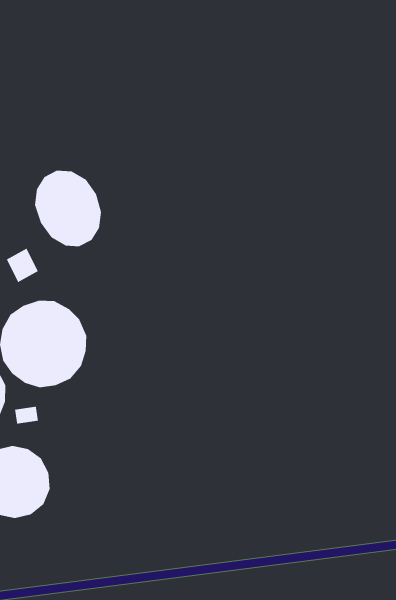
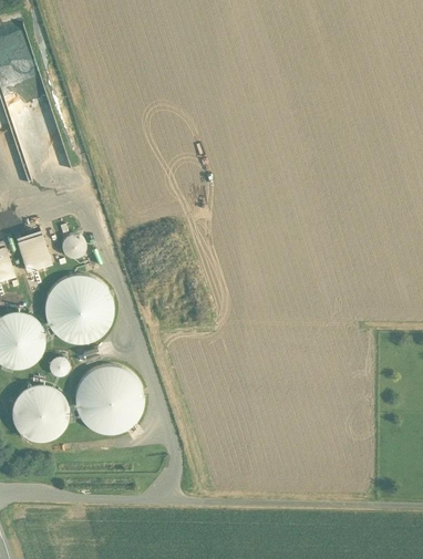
building: [34,170,102,247] -> none
building: none -> [75,365,145,434]

